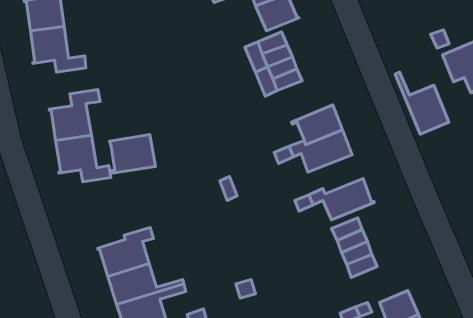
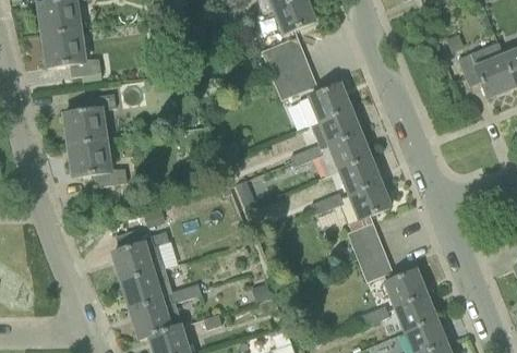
building: [395,72,449,134] -> none
building: none -> [298,83,349,125]
building: [110,135,155,173] -> none
building: none -> [324,158,380,197]
building: none -> [386,269,424,306]

